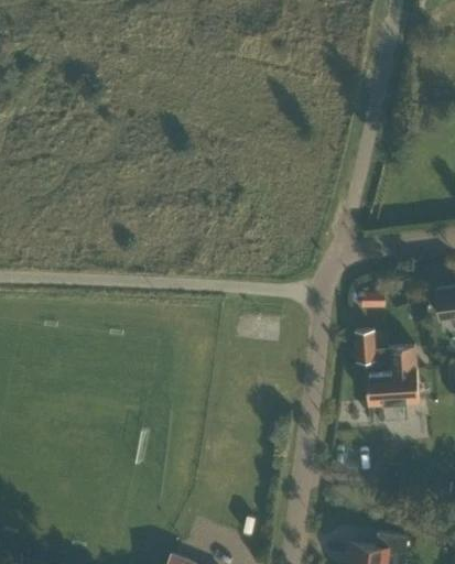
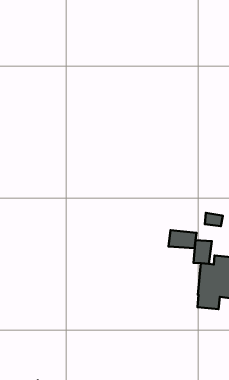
building: none -> [169,230,197,248]

